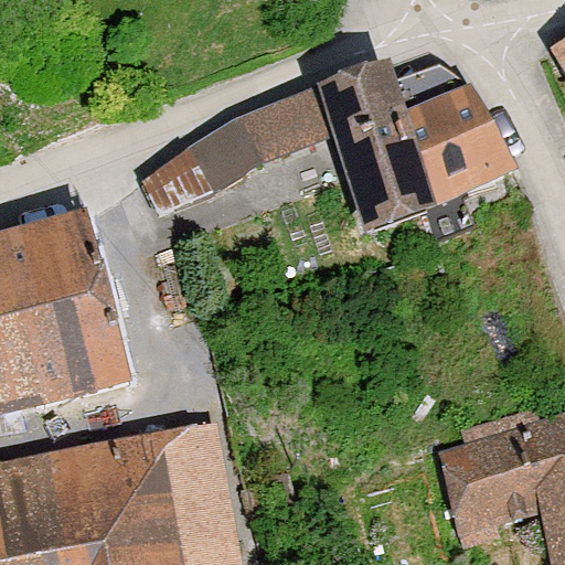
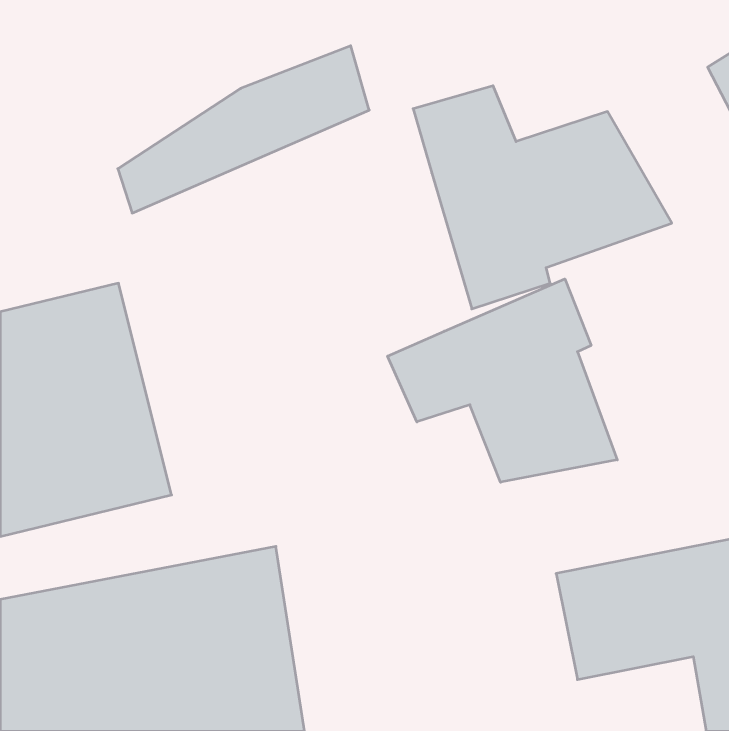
building: [140,84,334,213] -> [118,46,369,213]
building: none -> [388,279,617,482]

